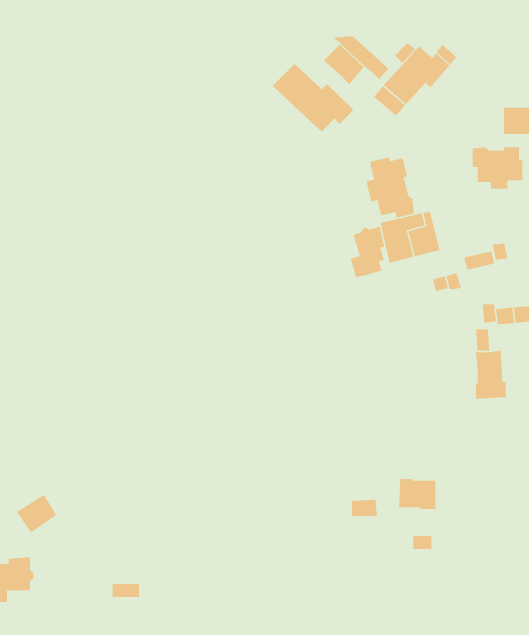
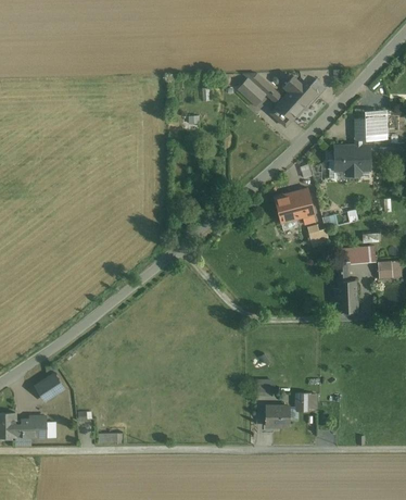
building: [272,63,354,132] -> none
building: [365,154,415,219] -> none
building: [350,225,385,278] -> none
building: [398,478,436,510] -> [265,405,290,426]

